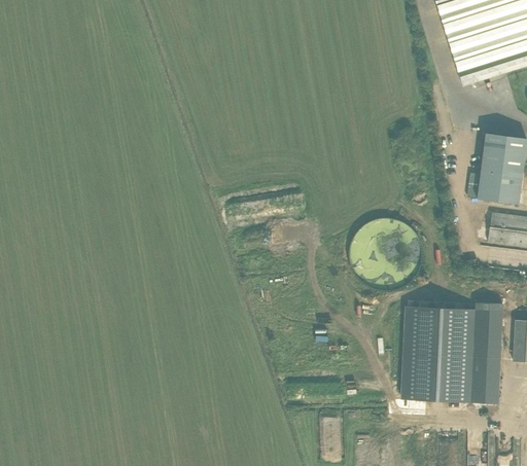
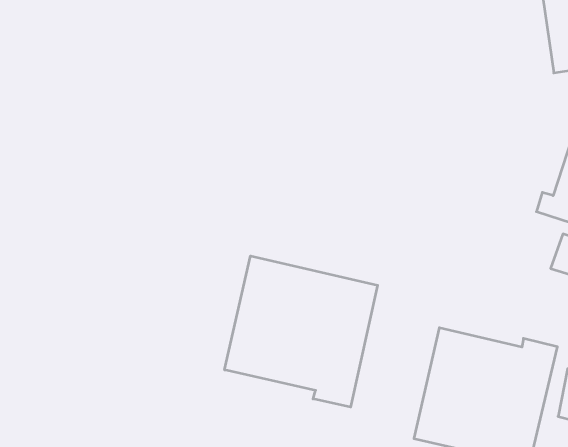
building: none -> [225,256,378,407]

